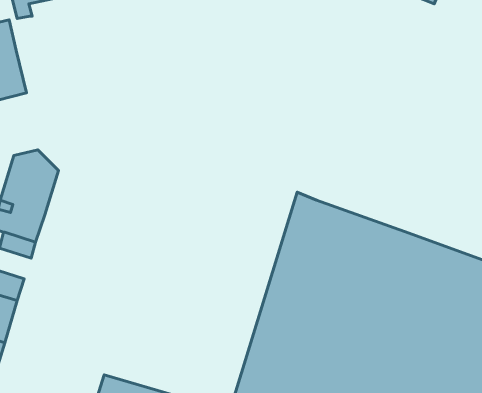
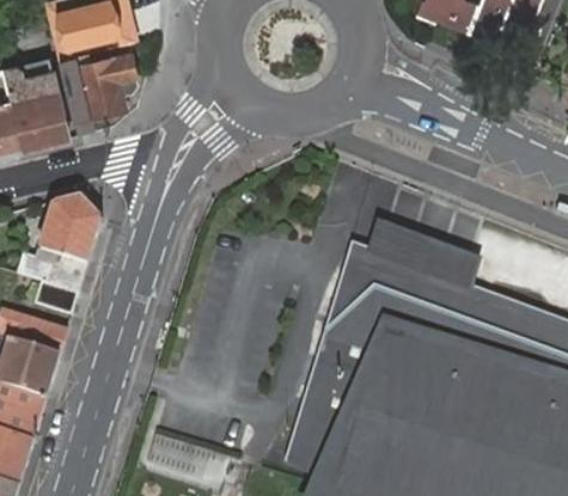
building: none -> [59,55,138,135]
building: none -> [372,225,476,284]

